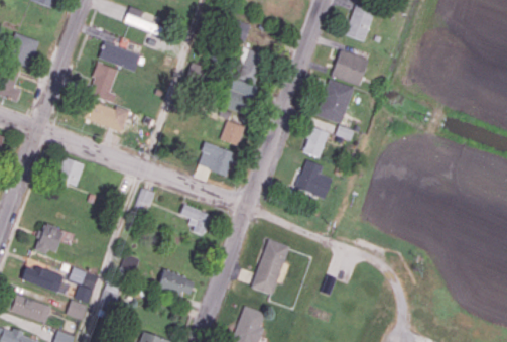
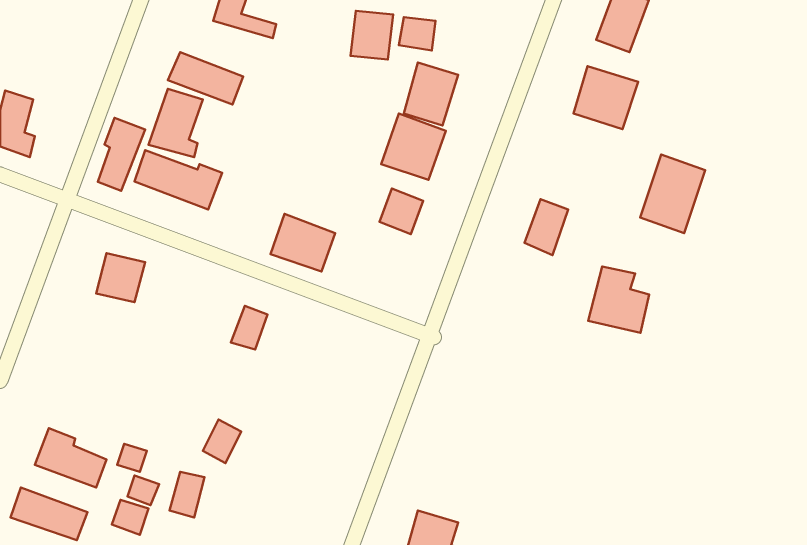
building: none -> [351,11,393,59]
building: [7,33,38,67] -> none
building: [316,79,354,124] -> [640,155,705,233]
building: none -> [98,118,145,191]
building: [198,142,235,176] -> [271,214,335,272]
building: [296,160,332,199] -> [588,267,649,333]
building: [180,205,211,233] -> none
building: [36,224,62,254] -> none
building: [251,239,289,296] -> none
building: [157,269,196,299] -> none

